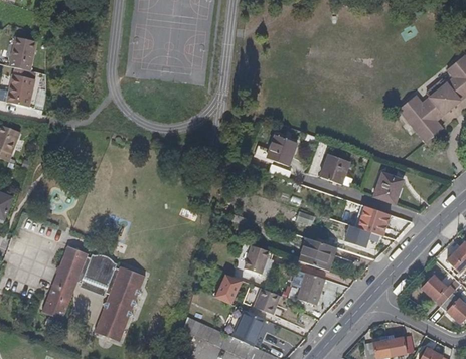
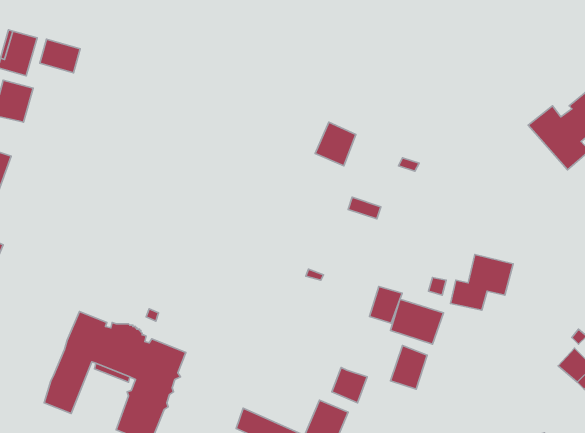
building: none -> [40,39,80,73]
building: [266,133,296,165] -> [315,122,356,166]
building: [319,155,348,185] -> none
building: [372,172,403,201] -> none
building: [245,245,269,273] -> [369,286,402,323]
building: [211,272,240,304] -> none

